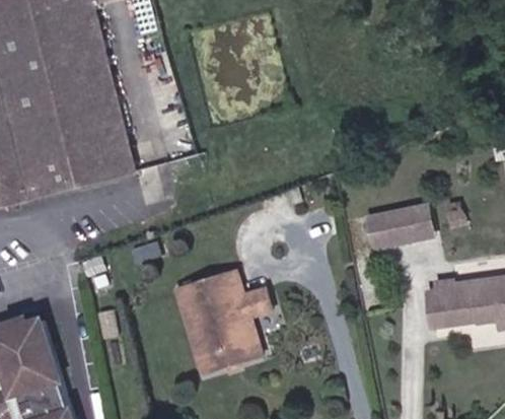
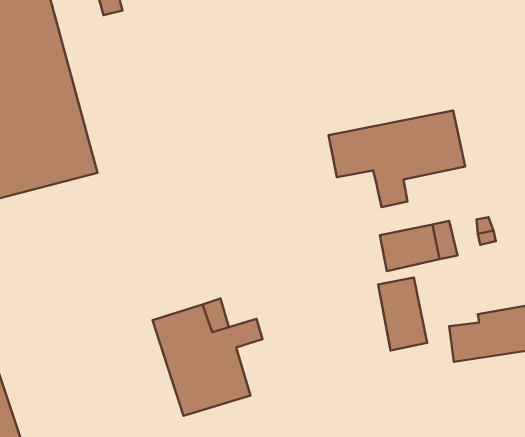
building: none -> [328,111,465,207]
building: none -> [378,277,427,350]

